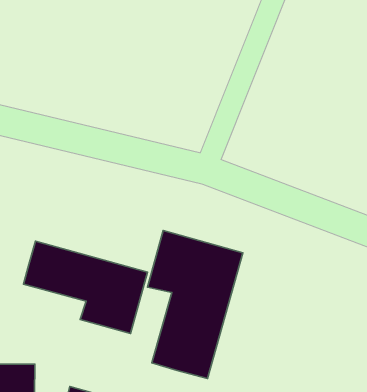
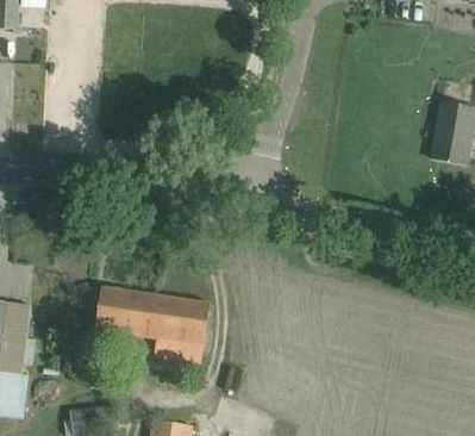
building: [147,230,243,378] -> none

